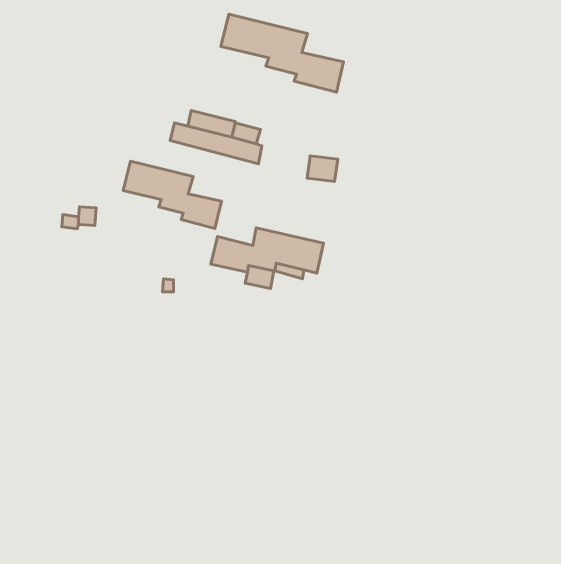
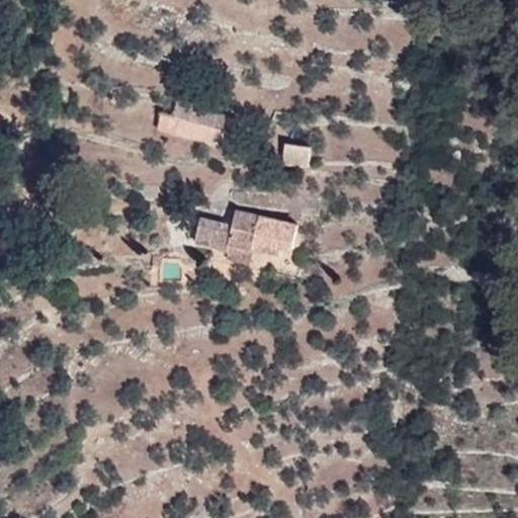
building: [221,14,343,92] -> none
building: [123,161,221,228] -> none

